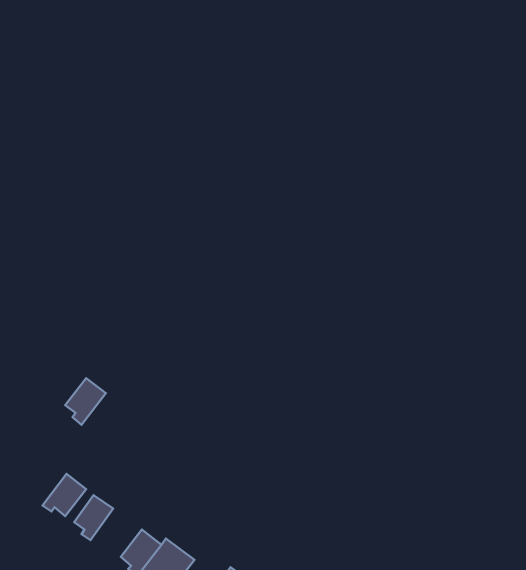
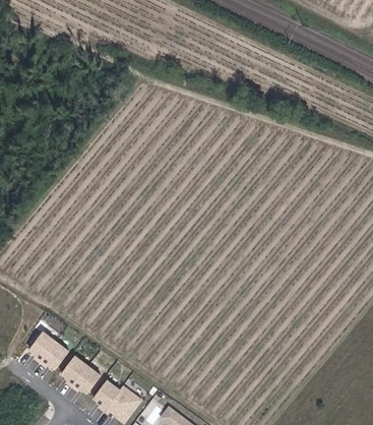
building: [65,378,106,425] -> [28,331,56,363]
building: none -> [72,365,101,393]

